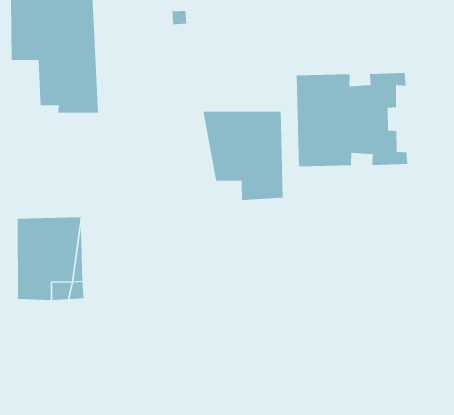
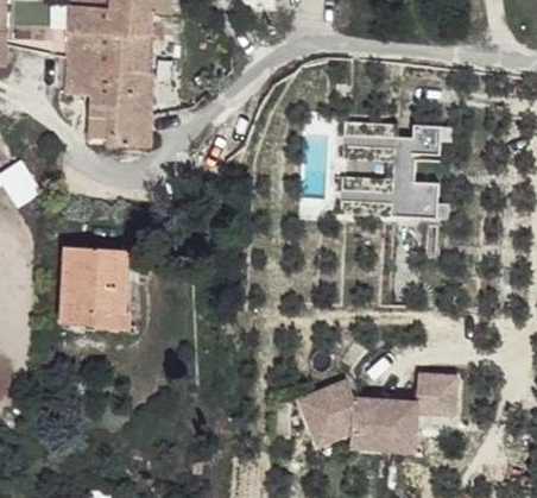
building: [203,111,283,201] -> none
building: none -> [303,374,461,448]

